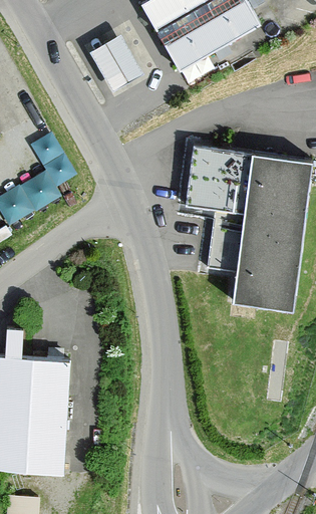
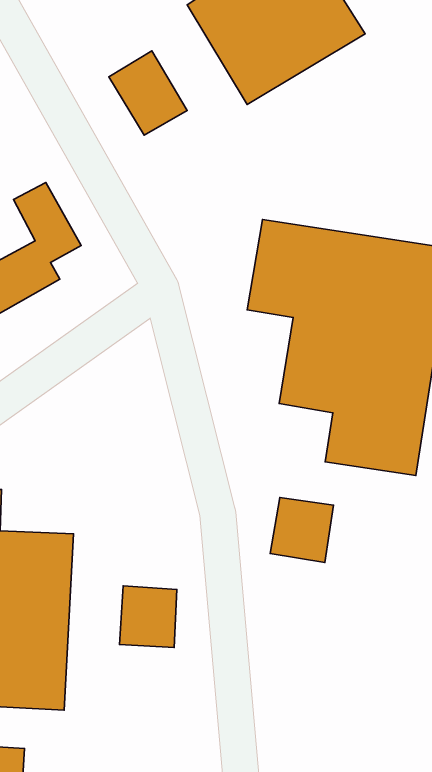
building: none -> [270,497,334,562]
building: none -> [119,586,177,647]

